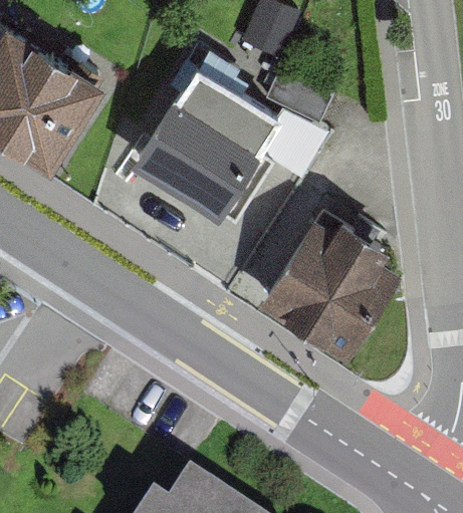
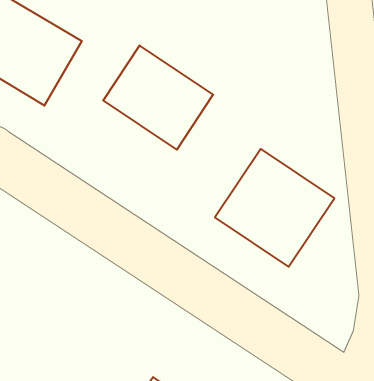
building: [174,63,284,156] -> none

